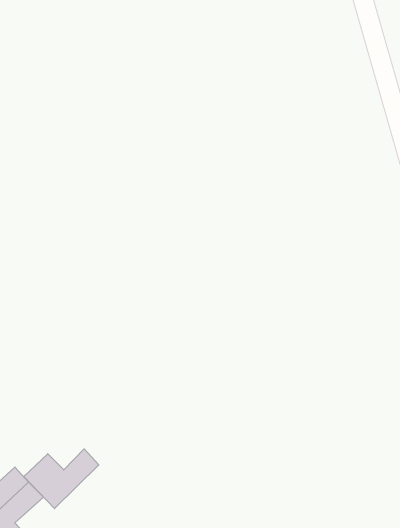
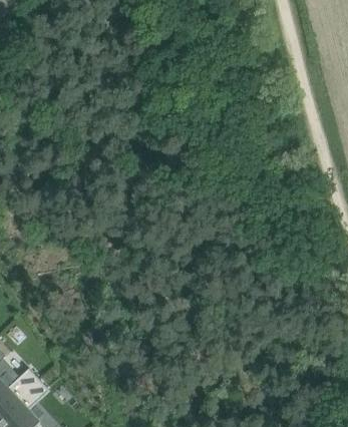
building: [24,449,99,509] -> none

